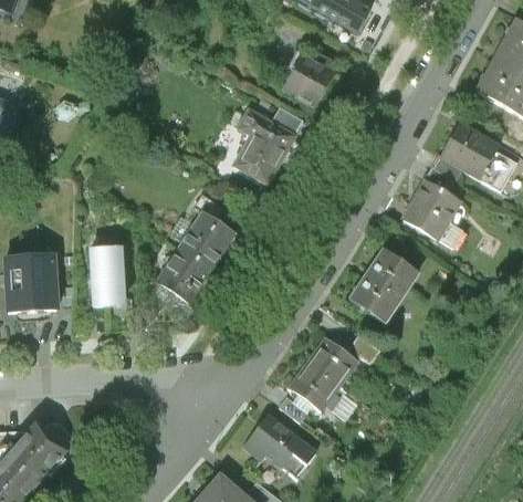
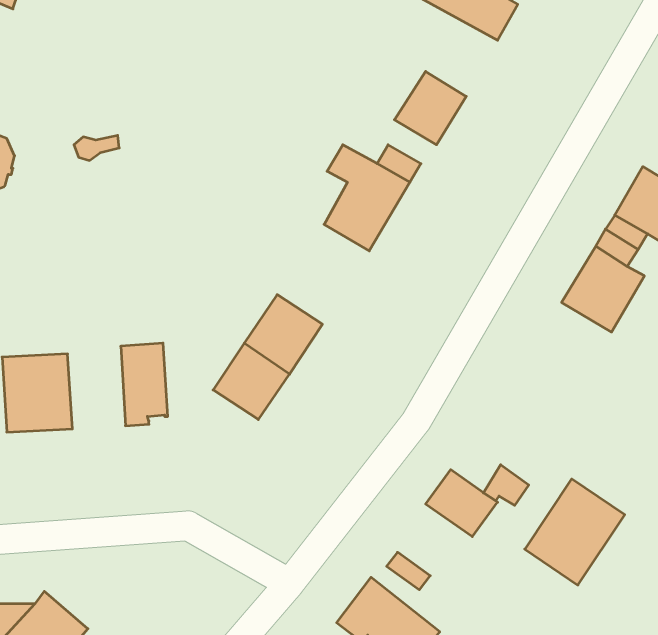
building: [348,247,419,322] -> [525,479,625,585]
building: [289,362,339,409] -> none

